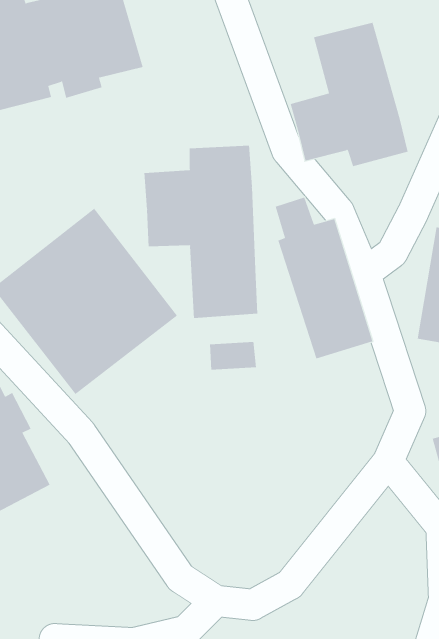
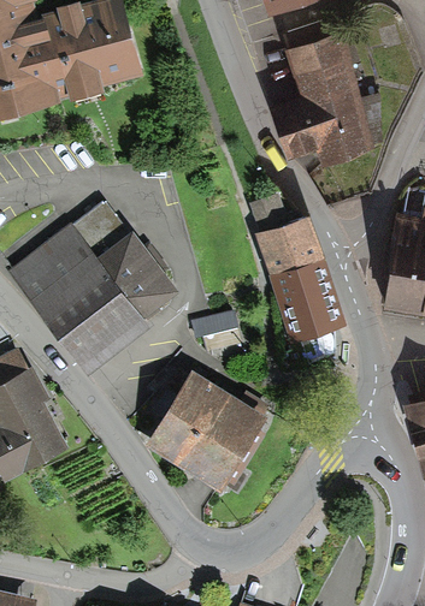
building: [144,145,258,319] -> none
building: none -> [144,370,264,488]

